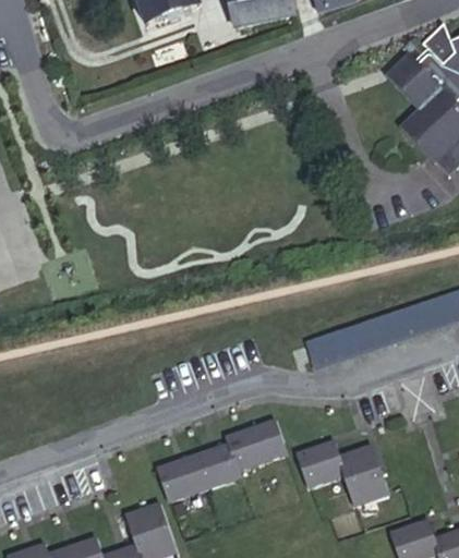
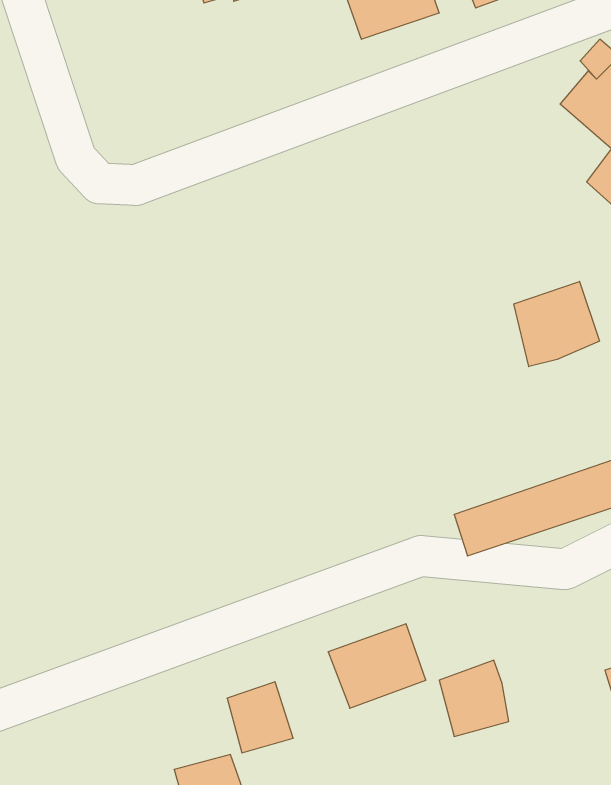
building: none -> [514,281,599,367]
building: [190,442,241,492] -> none
building: [339,446,390,510] -> none

